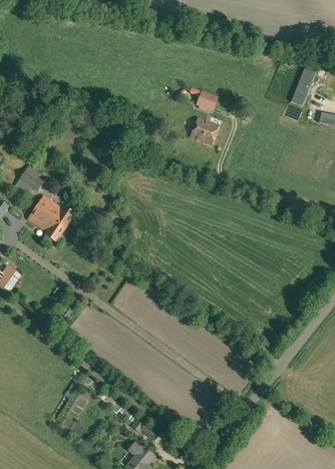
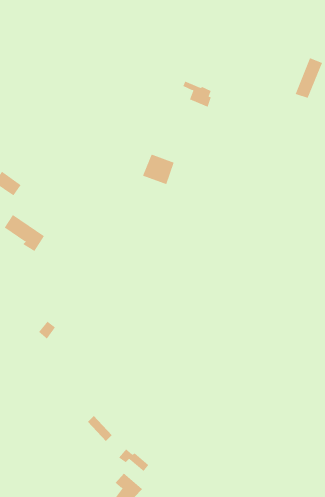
building: [189,117,218,145] -> [142,154,175,185]
building: [35,195,74,227] -> none

